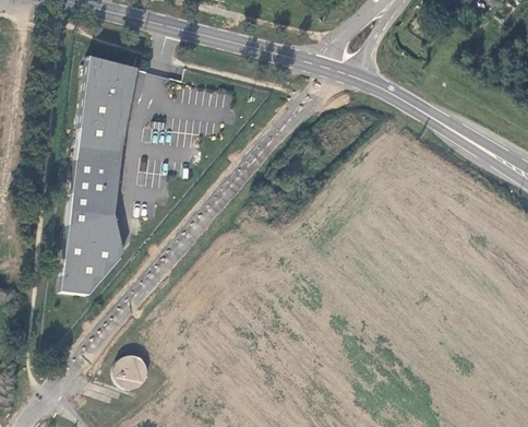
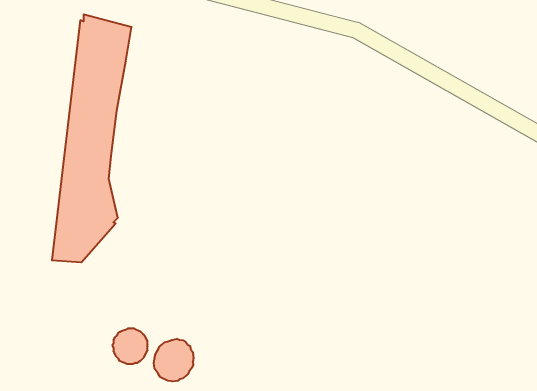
building: none -> [154,339,193,381]

